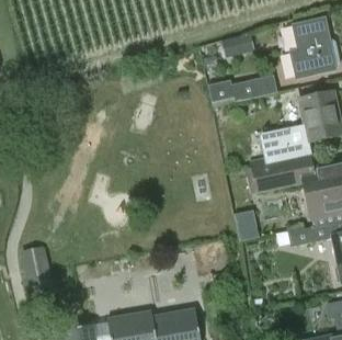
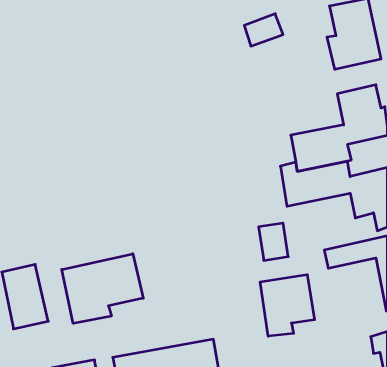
building: [207,75,277,105] -> none
building: none -> [62,254,143,323]
building: none -> [260,275,315,336]

